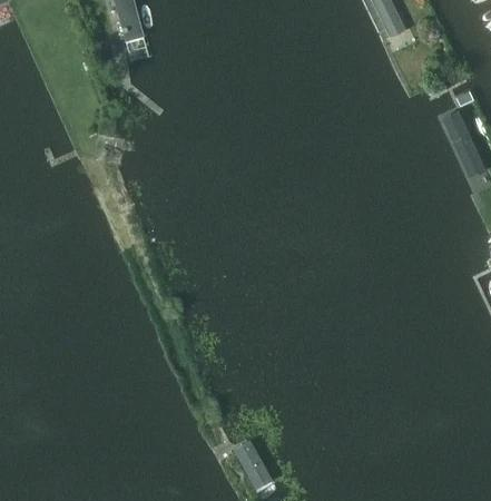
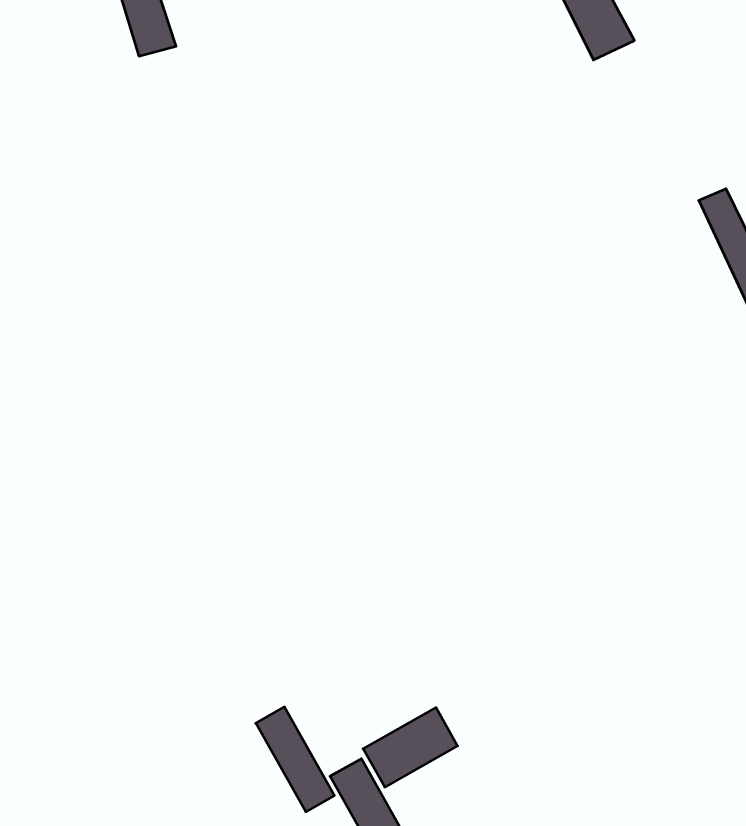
building: none -> [256,707,334,812]
building: none -> [363,708,458,787]

